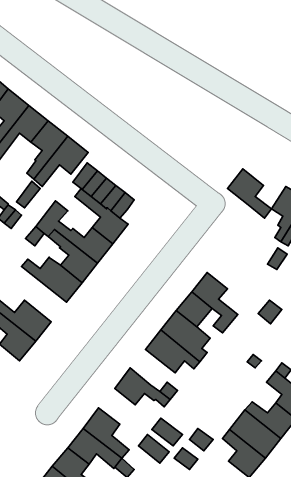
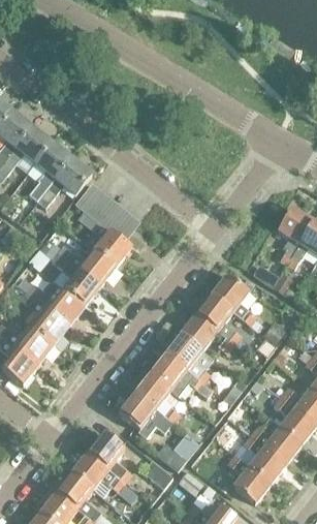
building: [228,169,272,218] -> [212,274,256,323]
building: none -> [19,287,70,343]
building: none -> [134,371,170,407]

